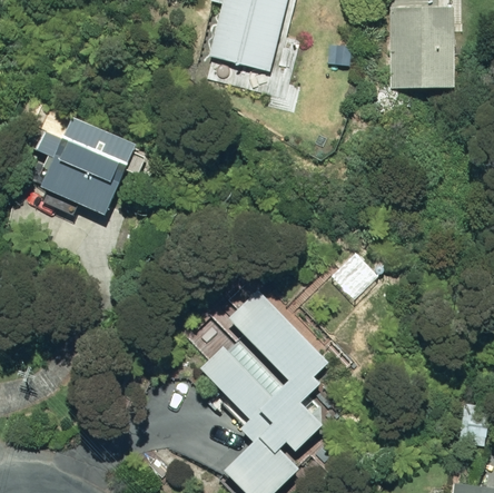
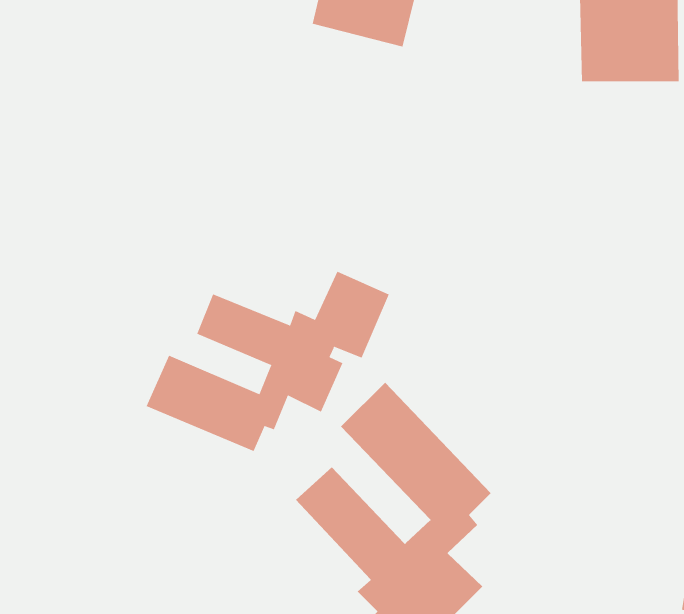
building: [36,115,135,215] -> none
building: none -> [146,271,389,452]

